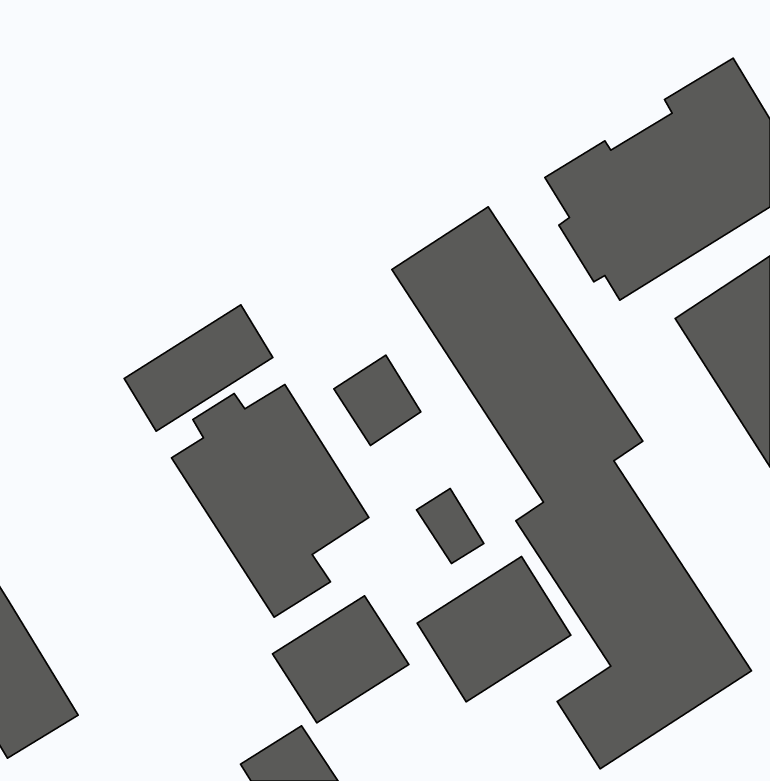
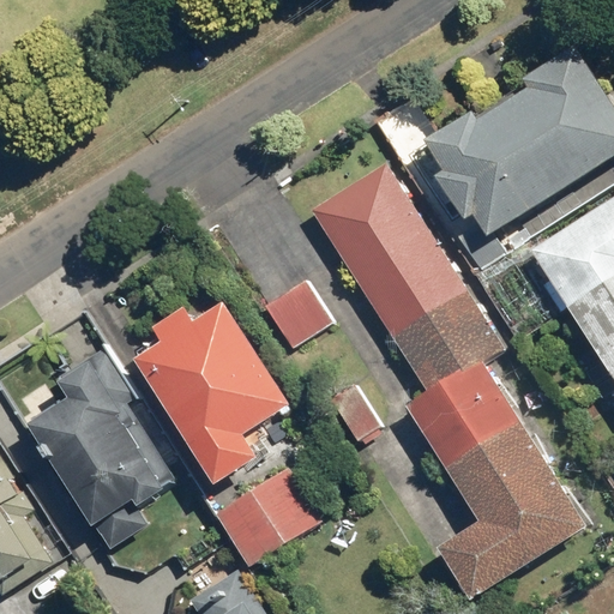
building: [124,305,273,431] -> none
building: none -> [28,349,174,549]
building: [417,557,571,702] -> none

